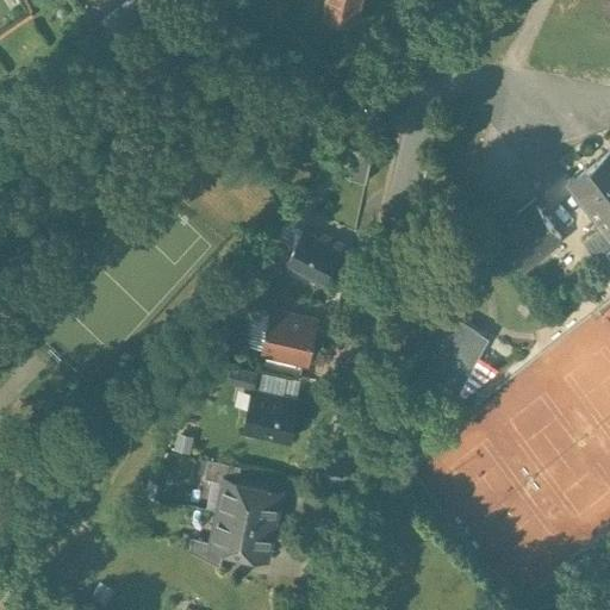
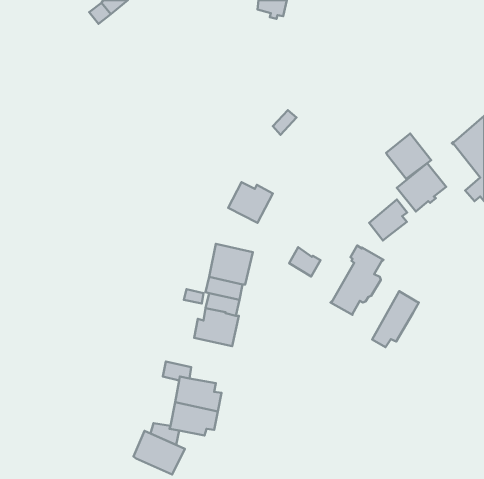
building: none -> [386,133,431,179]
building: none -> [369,200,407,240]
building: none -> [289,247,321,277]
building: none -> [372,291,419,347]
building: none -> [133,431,185,475]

